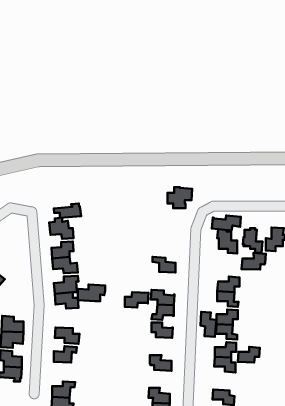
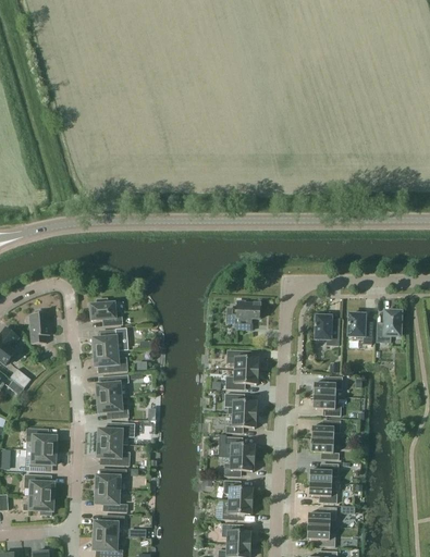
building: [168,187,192,208] -> [228,300,260,329]
building: [54,204,81,218] -> none
building: [212,215,241,230] -> none
building: none -> [30,309,50,343]
building: [242,253,266,270] -> none
building: [78,285,105,301] -> [98,422,134,444]
building: [125,292,149,308] -> [225,369,257,389]
building: [200,312,216,337] -> none
building: none -> [224,456,253,475]
building: [238,347,260,363] -> [307,506,336,527]
building: none -> [95,488,126,511]
building: none -> [216,499,251,519]

